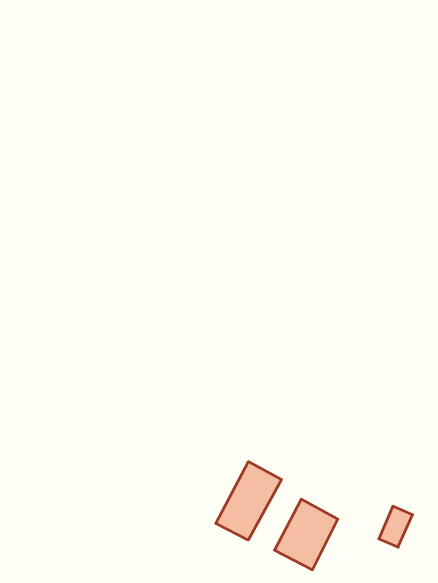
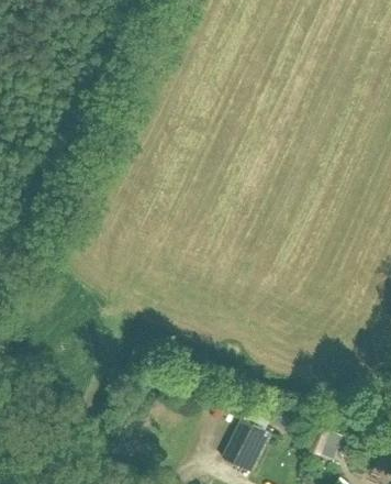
building: [216,462,281,540] -> none

